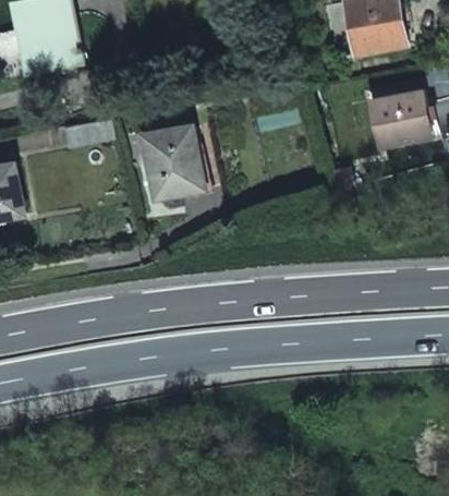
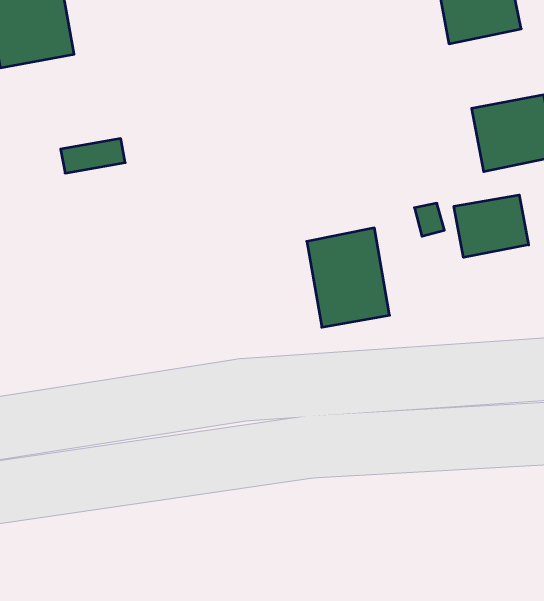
building: [146,125,206,197] -> [307,228,390,327]
building: none -> [454,195,529,257]

